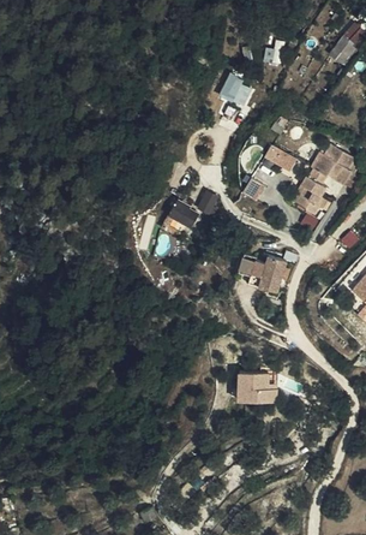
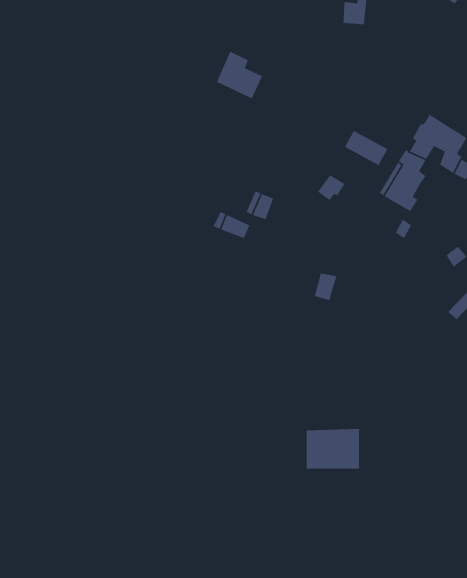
building: [220,73,256,111] -> [216,50,263,100]
building: [256,261,284,290] -> none

